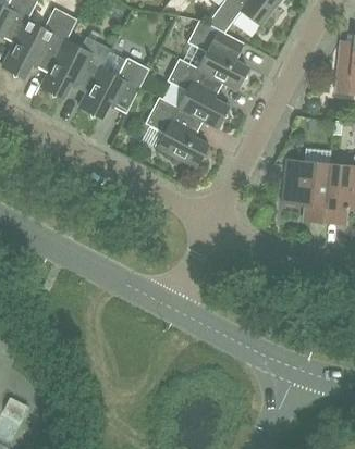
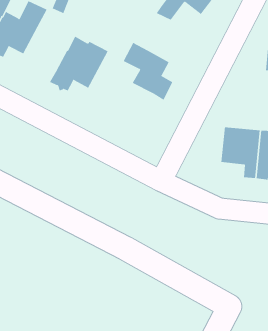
building: [186,18,247,88] -> none
building: [40,35,110,97] -> none
building: [145,96,207,165] -> none

